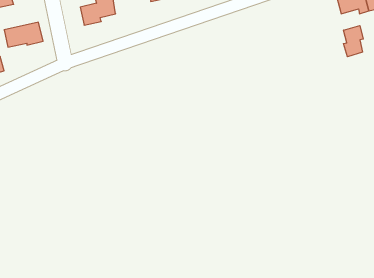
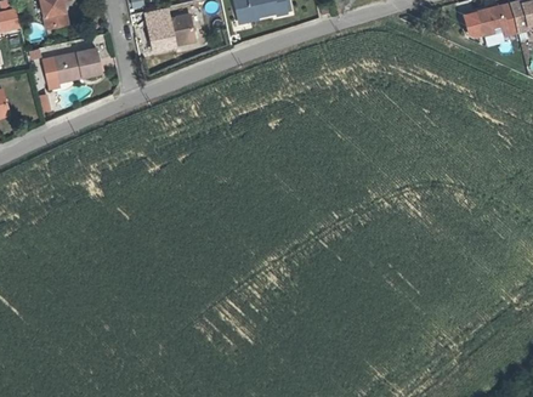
building: [343,26,363,57] -> none

